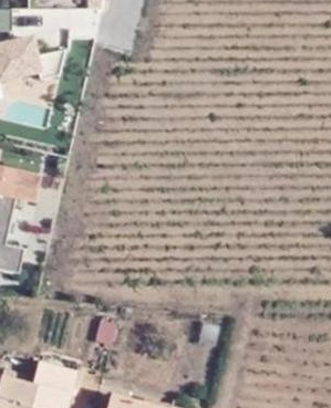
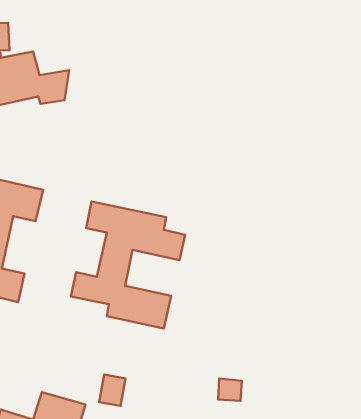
building: none -> [71,201,185,329]

